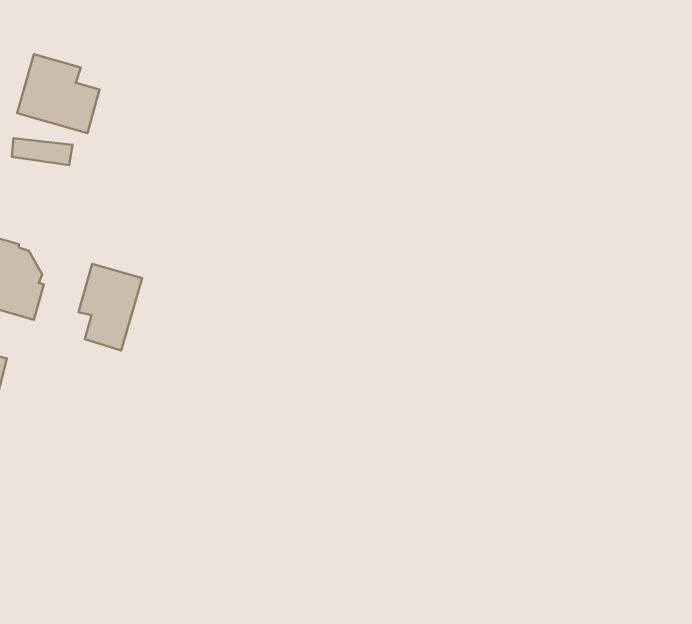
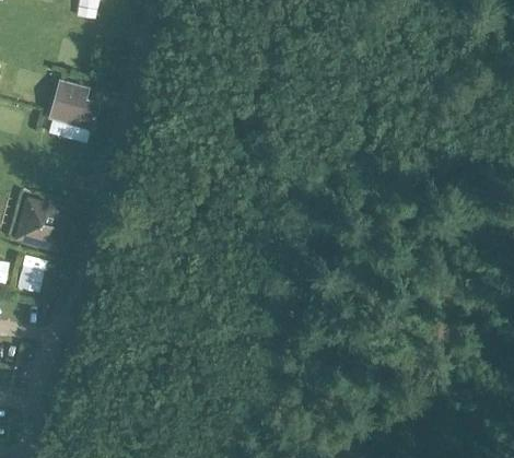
building: [78,264,142,350] -> none

